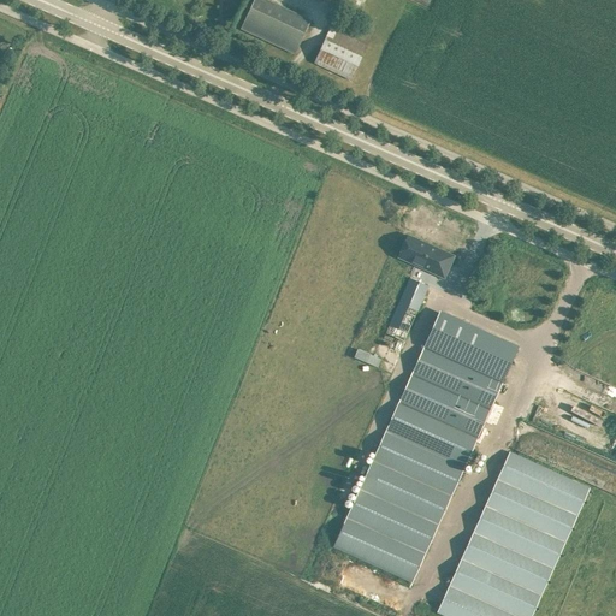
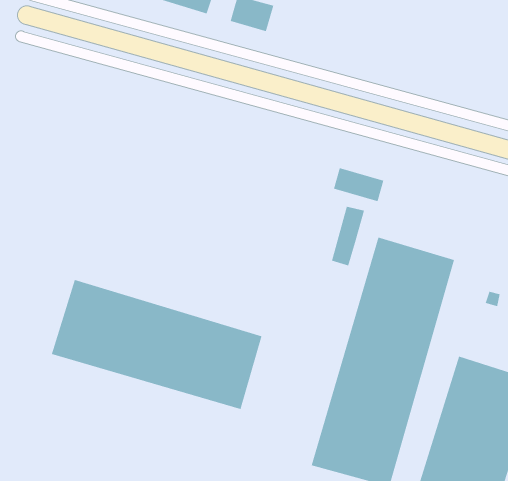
building: none -> [51,279,262,410]

